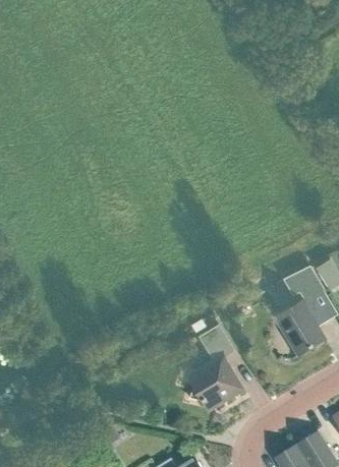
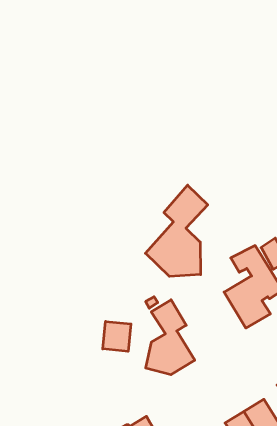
building: none -> [145,185,208,276]
building: none -> [103,321,131,351]

